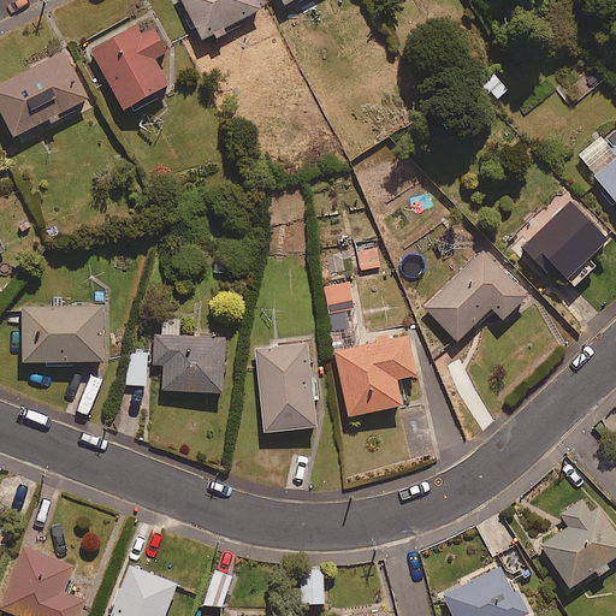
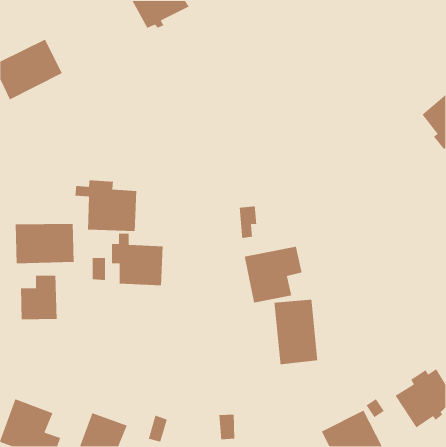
building: [89,18,167,111] -> none
building: [521,200,609,280] -> none
building: none -> [75,179,137,232]
building: [424,251,526,342] -> none
building: [255,342,316,433] -> [274,299,318,365]
building: none -> [20,275,57,320]

